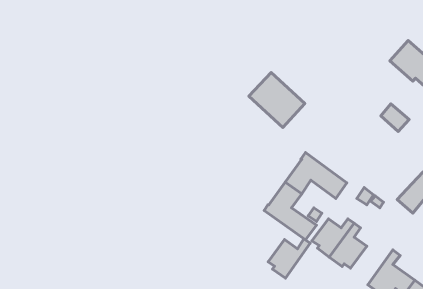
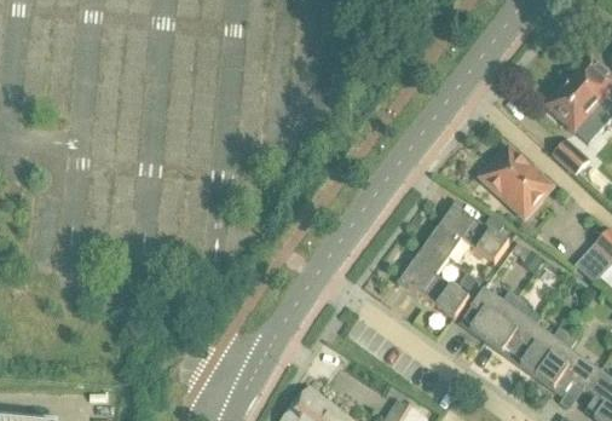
building: none -> [544,81,595,131]
building: [249,72,305,127] -> [479,145,553,218]
building: [268,239,310,278] -> [513,324,568,376]

